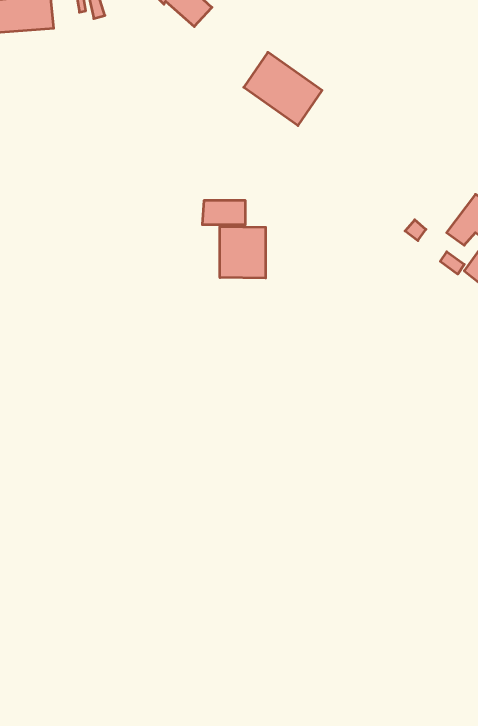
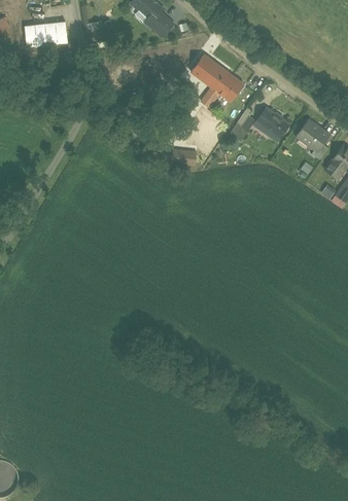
building: none -> [255,109,288,142]
building: none -> [294,121,328,153]
building: [220,227,266,278] -> none

